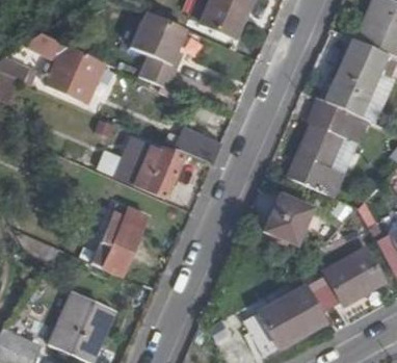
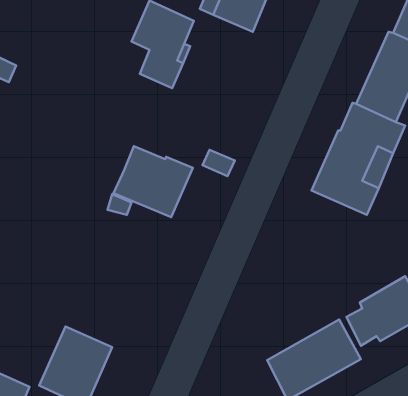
building: [22,33,106,104] -> none
building: [264,195,312,244] -> none
building: [89,203,145,276] -> none

